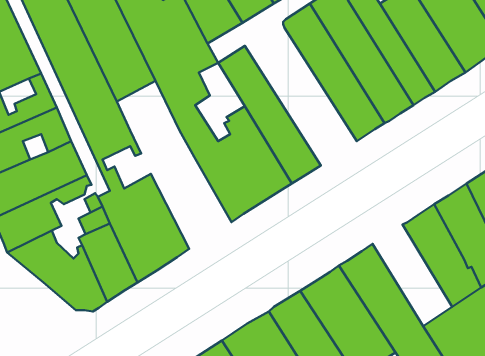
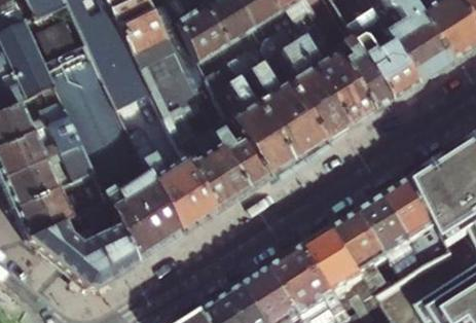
building: none -> [228,43,324,158]
building: none -> [131,120,217,229]
building: none -> [337,209,405,295]

